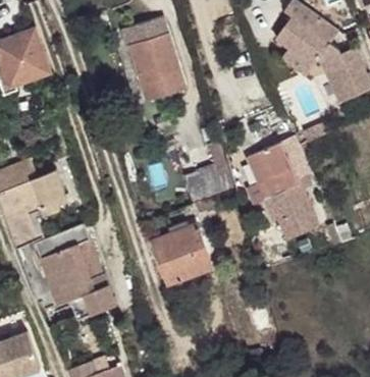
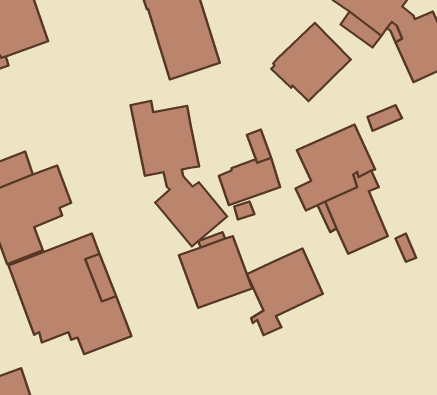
building: none -> [271,23,351,101]
building: none -> [130,101,227,247]
building: none -> [247,248,323,335]

